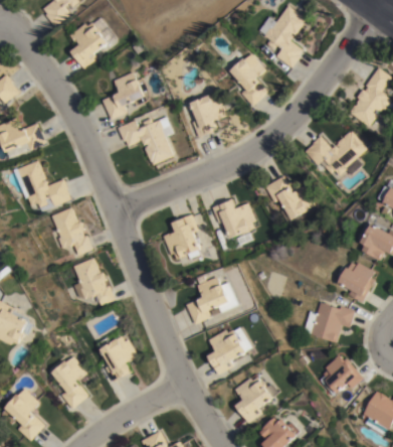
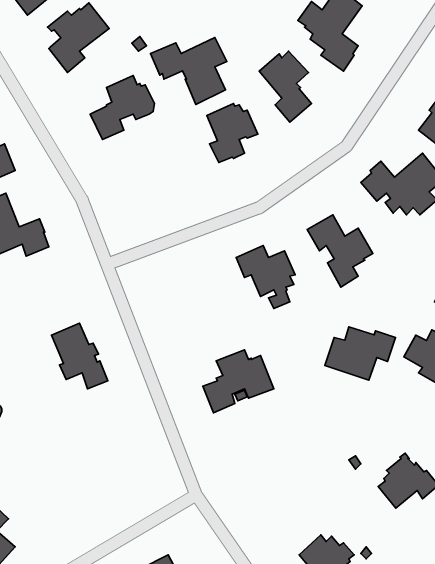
building: [118,115,175,165] -> [150,37,227,104]
building: [50,206,92,256] -> none
building: [162,213,201,260] -> none
building: [302,302,355,342] -> [325,327,396,380]
building: [206,327,251,375] -> none
building: [100,335,140,383] -> none
building: [51,356,89,410] -> none
building: [234,377,277,423] -> none

